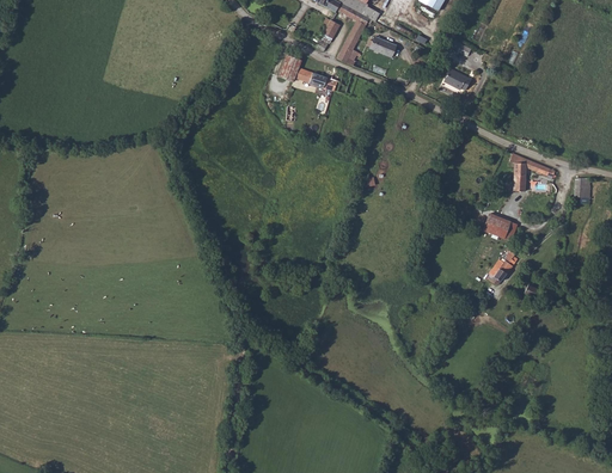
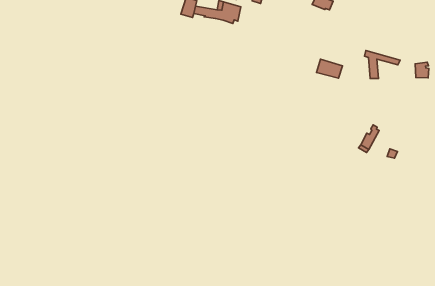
building: [483,211,518,239] -> [316,59,342,78]

